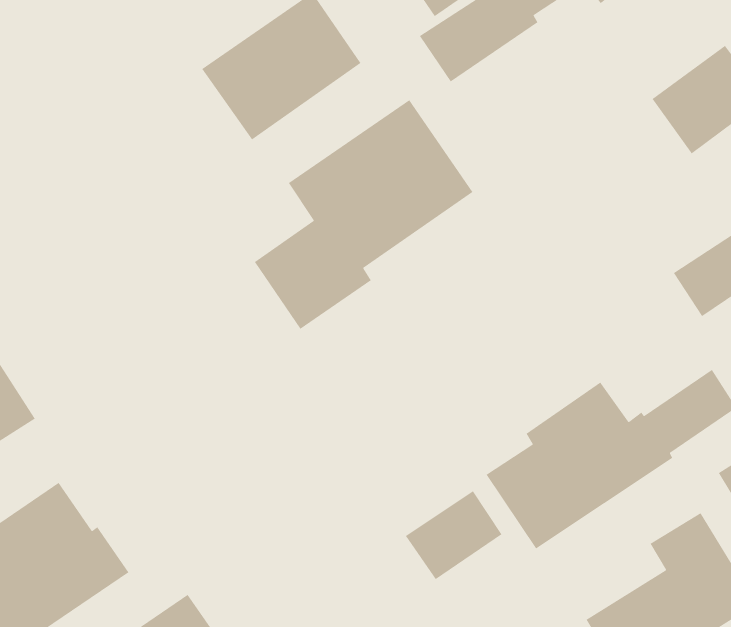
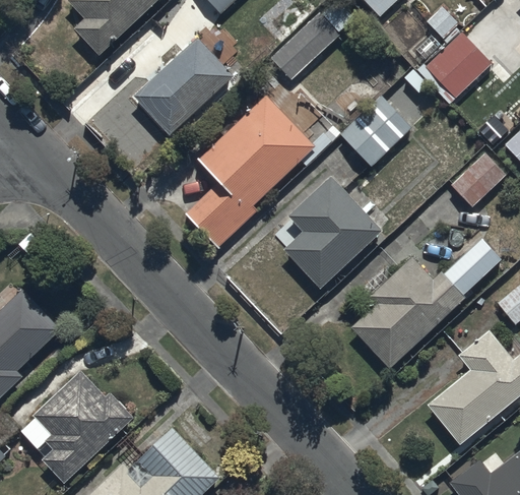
building: none -> [340,94,414,166]
building: none -> [269,175,383,288]
building: [405,490,503,580] -> none

